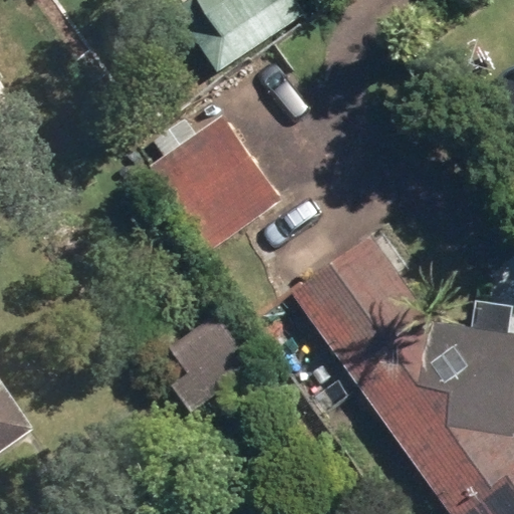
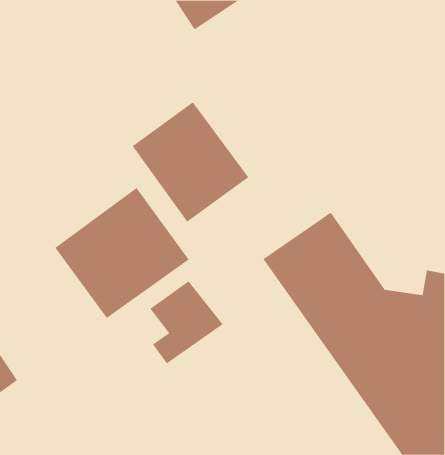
building: none -> [55,187,189,319]

